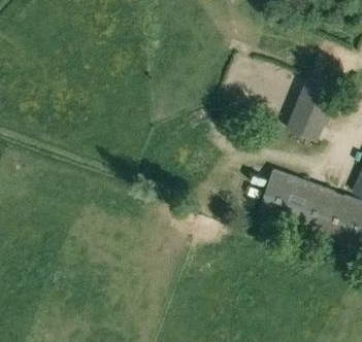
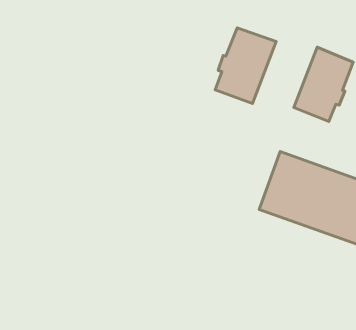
building: none -> [215,28,276,104]

